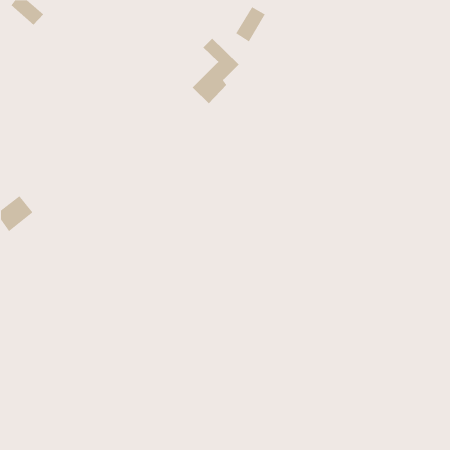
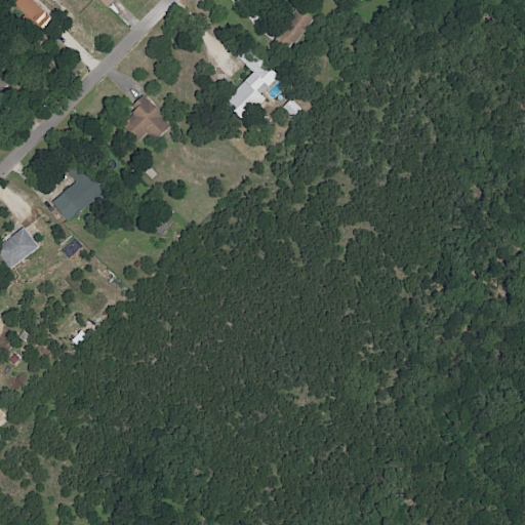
building: none -> [121,93,168,142]
building: none -> [51,162,103,221]

